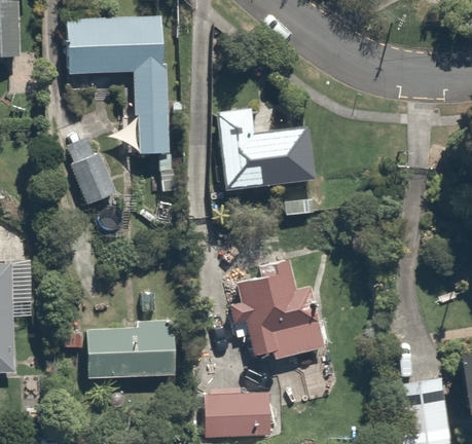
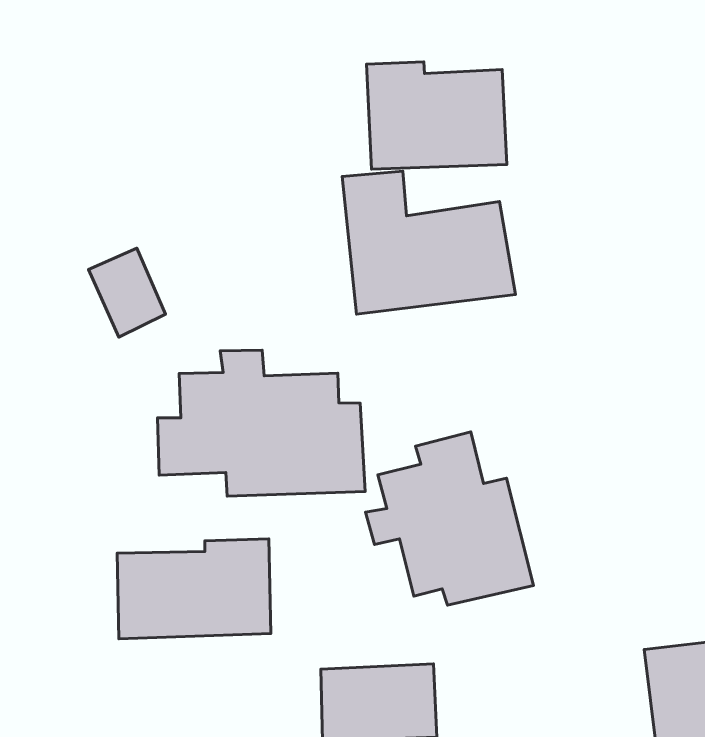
building: [65,16,170,153] -> none
building: none -> [367,62,507,169]
building: none -> [158,350,365,496]

